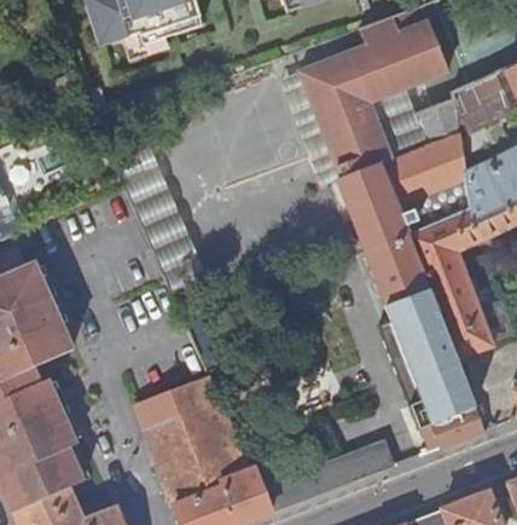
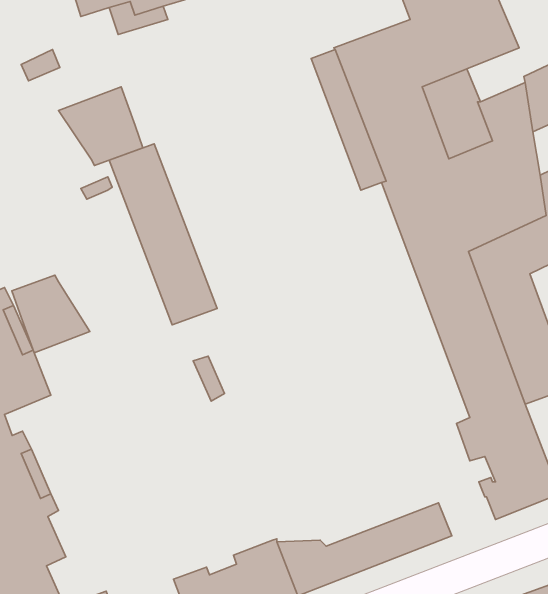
building: none -> [59,87,143,165]
building: none -> [12,275,90,353]
building: [136,375,251,497] -> none

